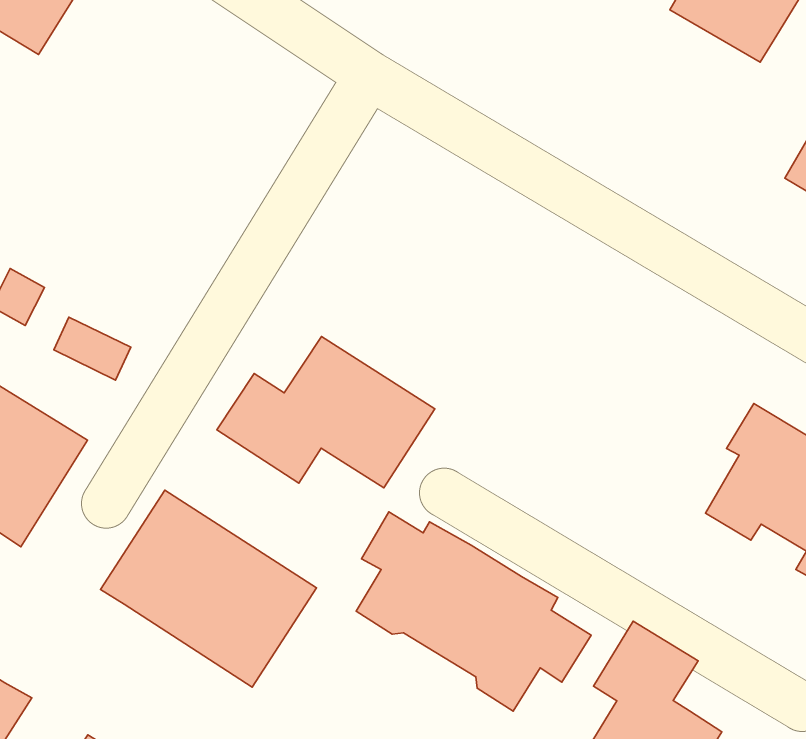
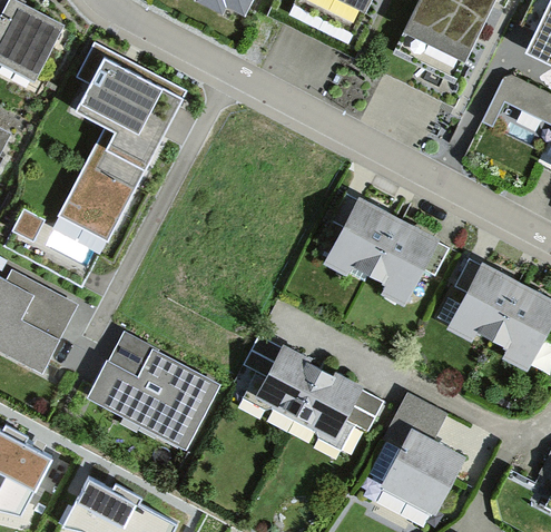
building: none -> [59,55,184,242]
building: none -> [322,194,451,305]
building: [217,336,435,488] -> none

